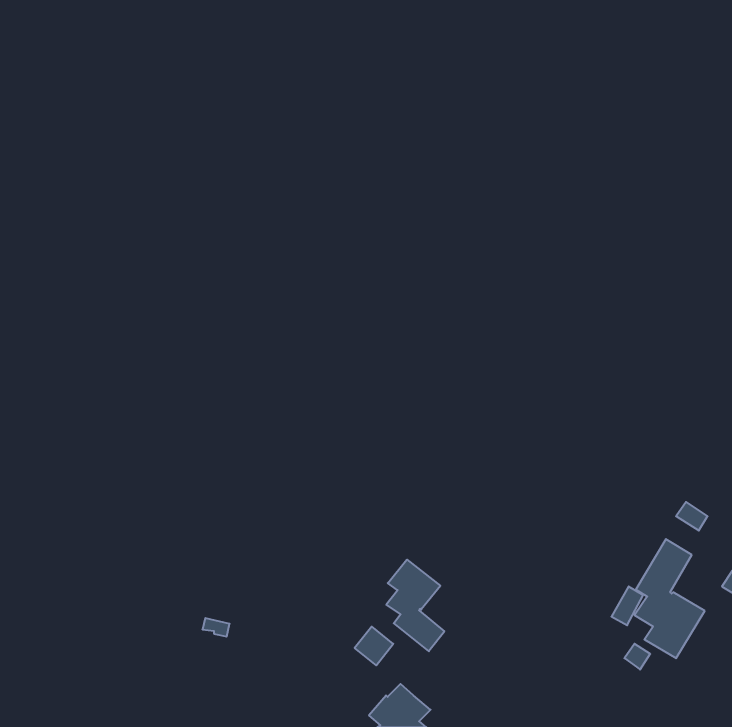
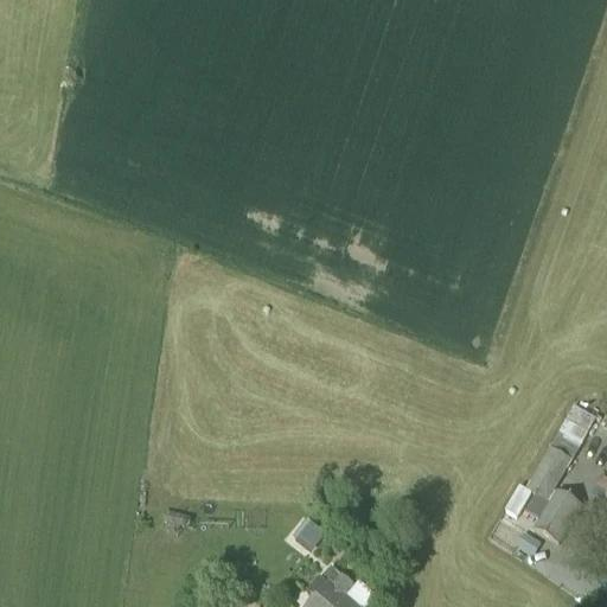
building: [386,560,444,651] -> none

